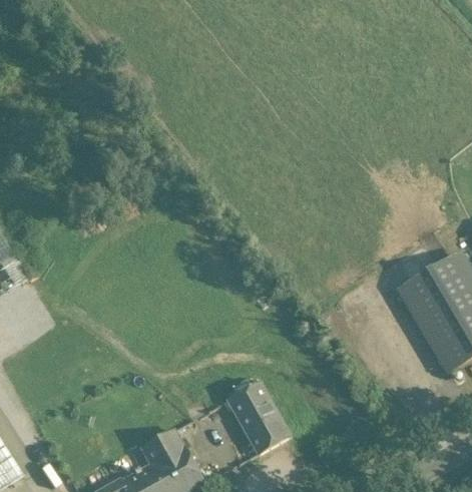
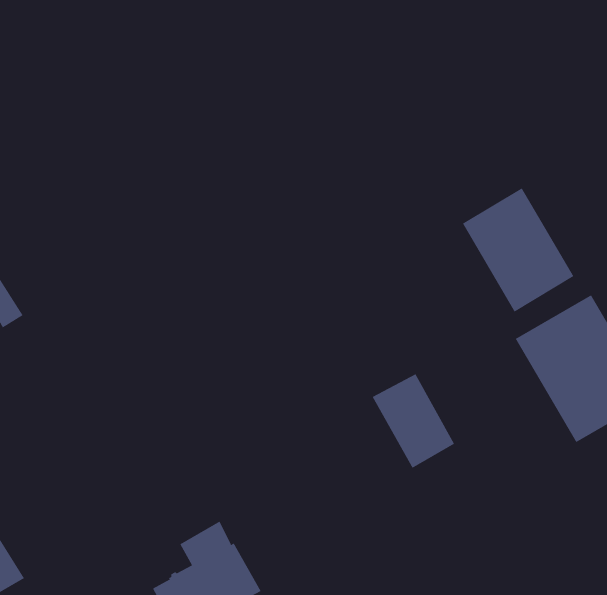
building: none -> [462,188,574,312]
building: [225,381,290,454] -> [372,373,455,468]

